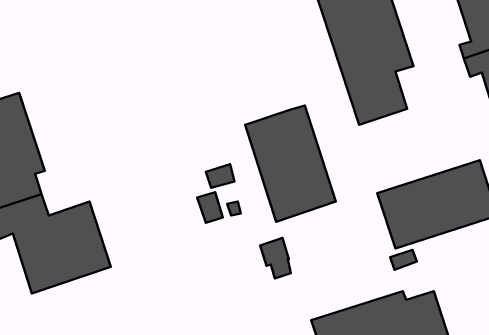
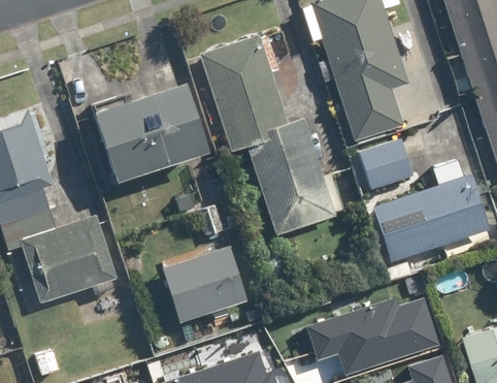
building: none -> [200,34,289,147]
building: none -> [93,78,206,178]
building: none -> [361,139,411,188]
building: none -> [157,249,243,327]

